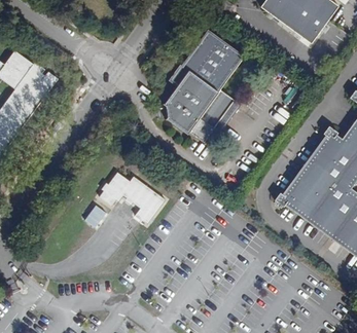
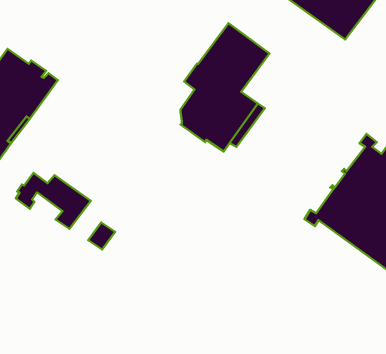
building: [99,172,165,221] -> [16,173,91,229]

